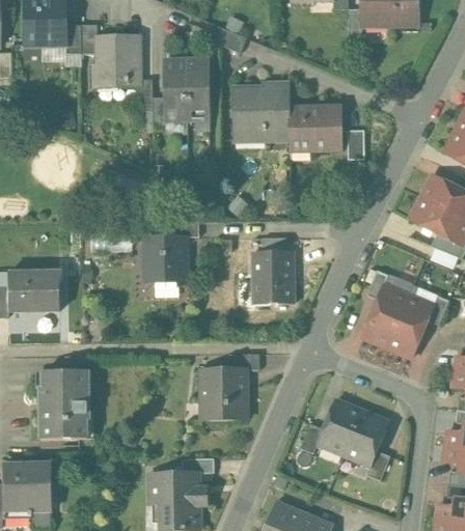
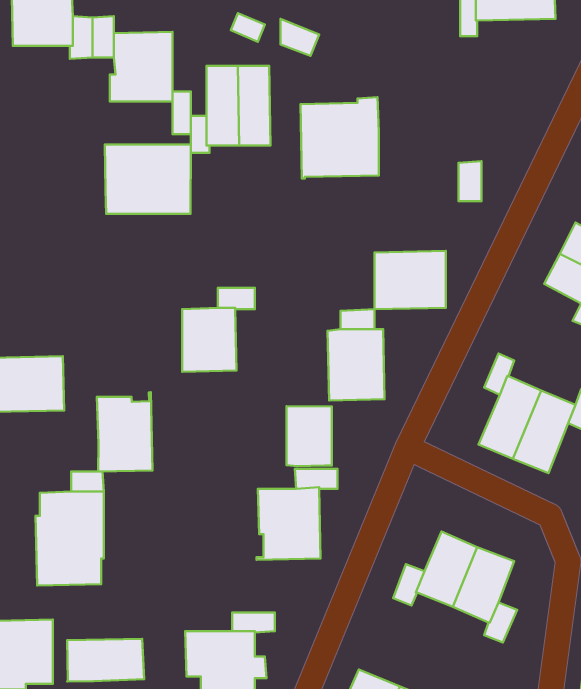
building: [290,107,341,149] -> [375,251,446,309]
building: none -> [105,145,191,214]
building: none -> [97,392,152,472]
building: none -> [287,406,332,466]
building: none -> [67,639,144,681]

